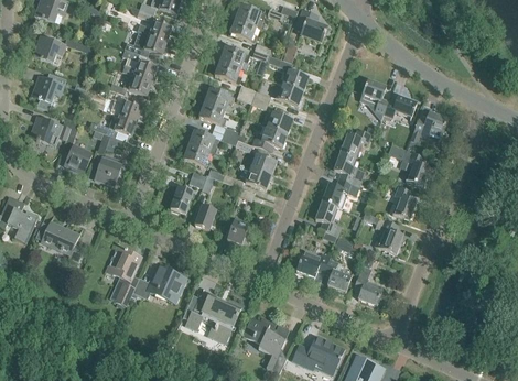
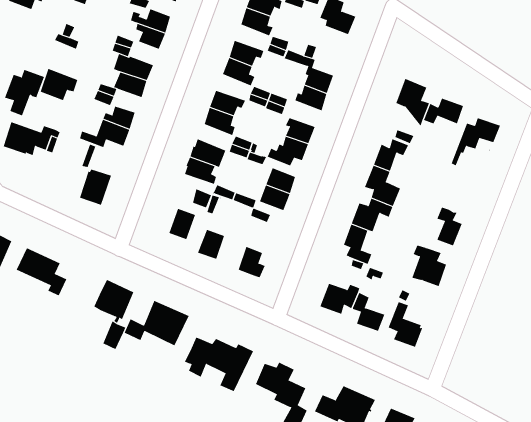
building: [34,34,66,62] -> [40,68,78,101]
building: [65,144,93,173] -> none
building: [400,150,430,185] -> none

